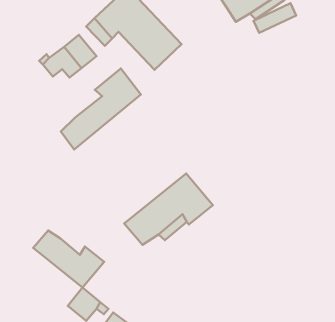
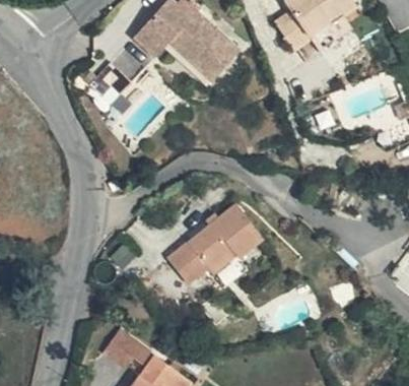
building: [61,68,141,150] -> none
building: [33,231,104,287] -> none

